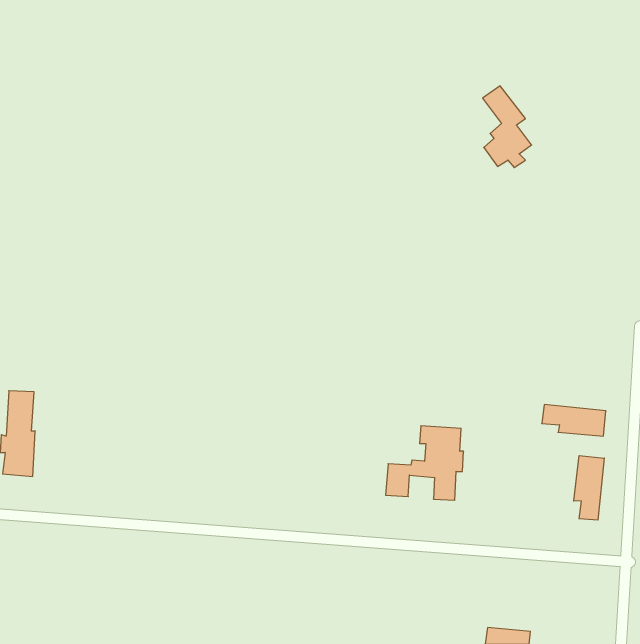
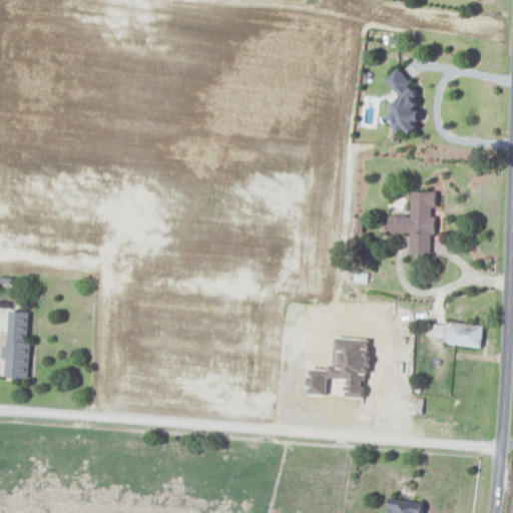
building: none -> [388,191,436,254]
building: [574,456,604,520] -> none

